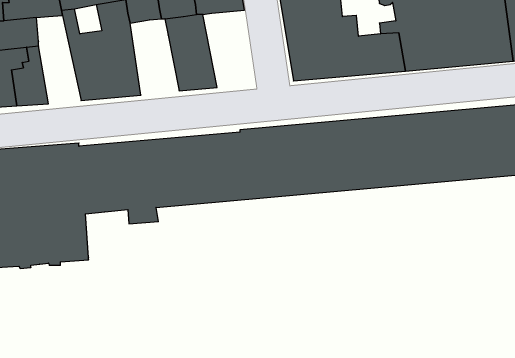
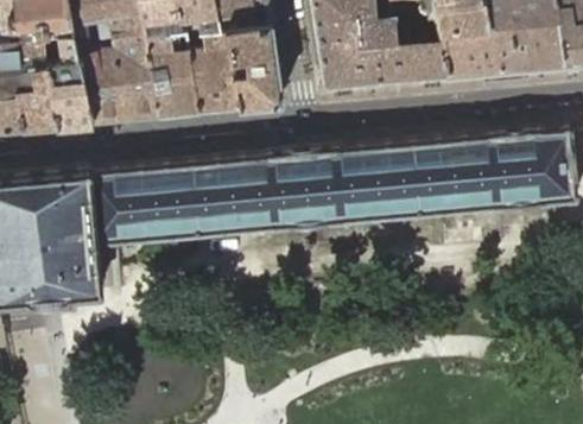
building: none -> [226,20,283,105]
building: none -> [44,26,93,122]
building: none -> [146,31,199,113]

